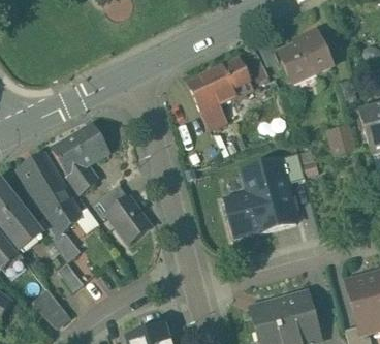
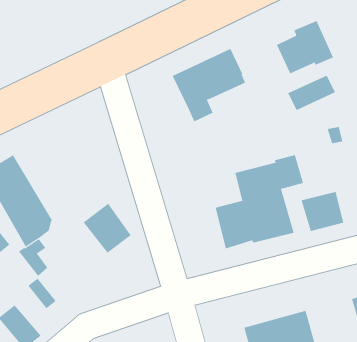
building: none -> [287,75,336,111]
building: [52,123,109,190] -> none
building: none -> [301,191,344,232]

